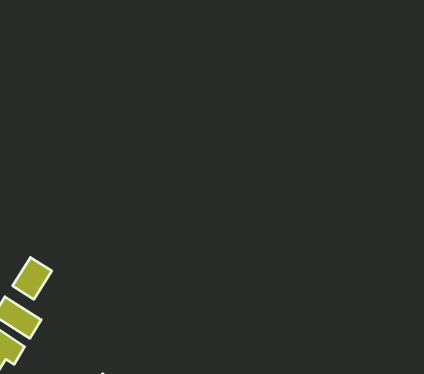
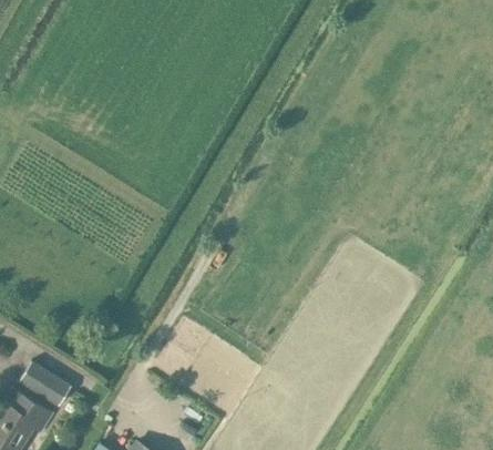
building: [13,257,52,299] -> none

